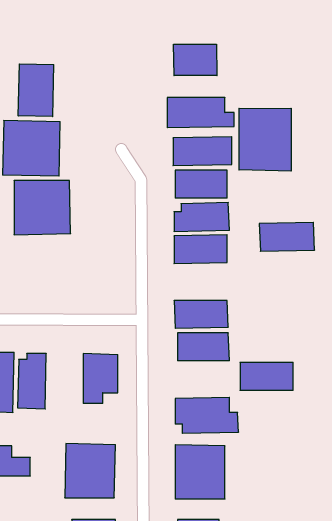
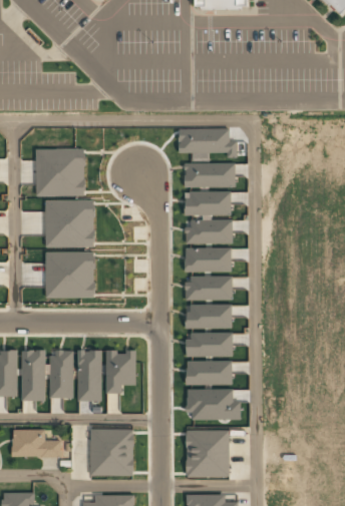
building: [174,44,217,76] -> none
building: [18,64,54,117] -> none
building: [239,108,291,171] -> none
building: [259,222,315,251] -> [185,276,233,301]
building: none -> [45,252,94,299]
building: none -> [77,351,101,402]
building: [240,362,293,390] -> [186,361,232,385]

